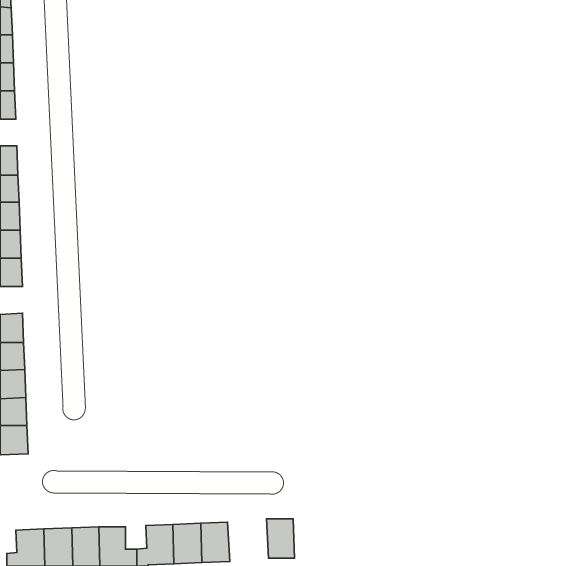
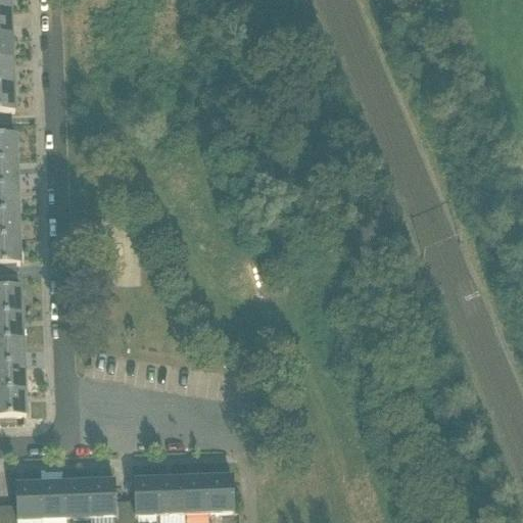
building: [266,519,294,558] -> [207,475,233,511]

